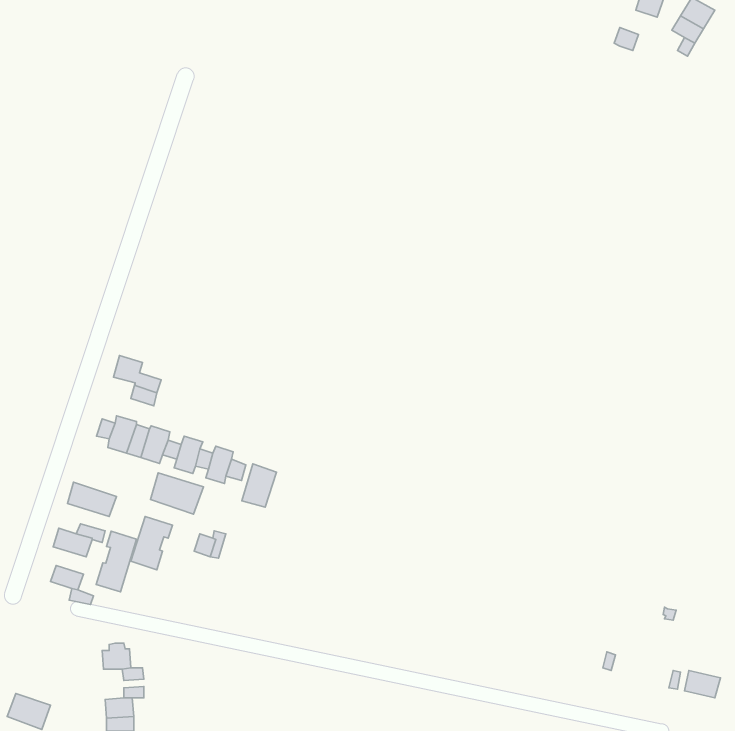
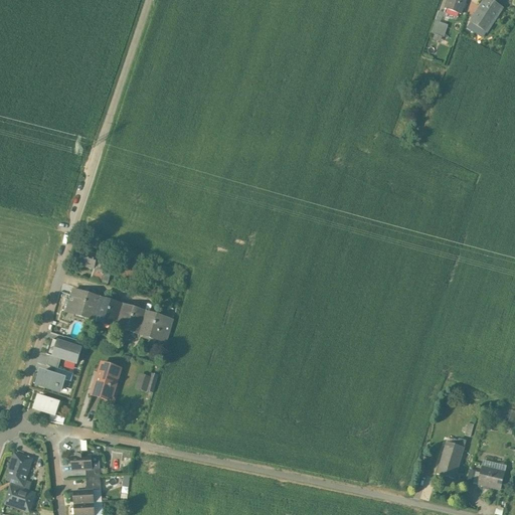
building: [242,464,276,507] -> none
building: [151,473,204,514] -> none
building: [96,531,136,592] -> none
building: none -> [437,437,466,477]
building: none -> [6,453,33,482]

